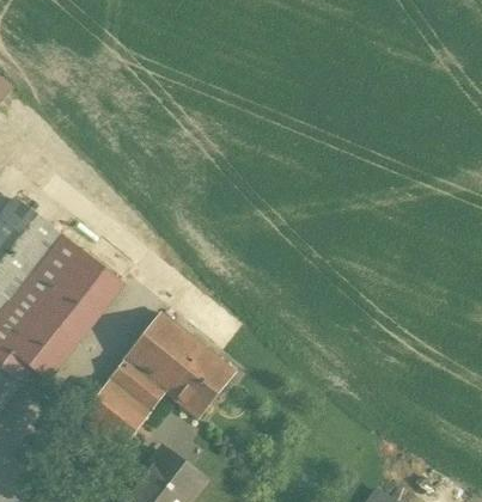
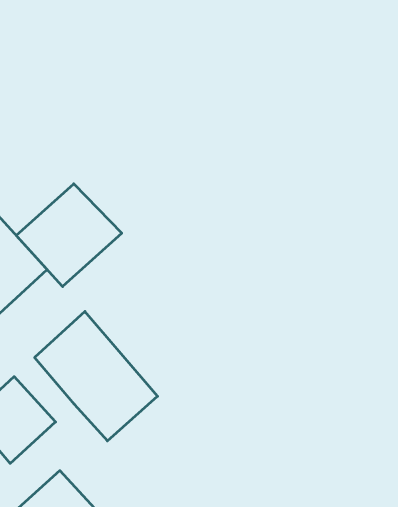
building: none -> [16,184,122,287]
building: [111,359,166,410] -> none

